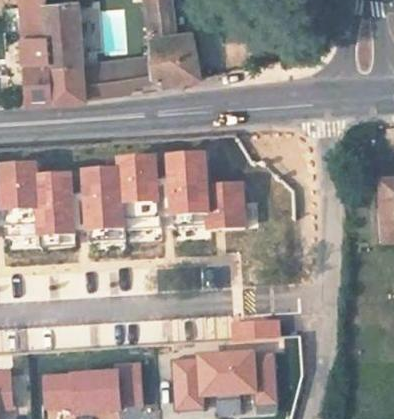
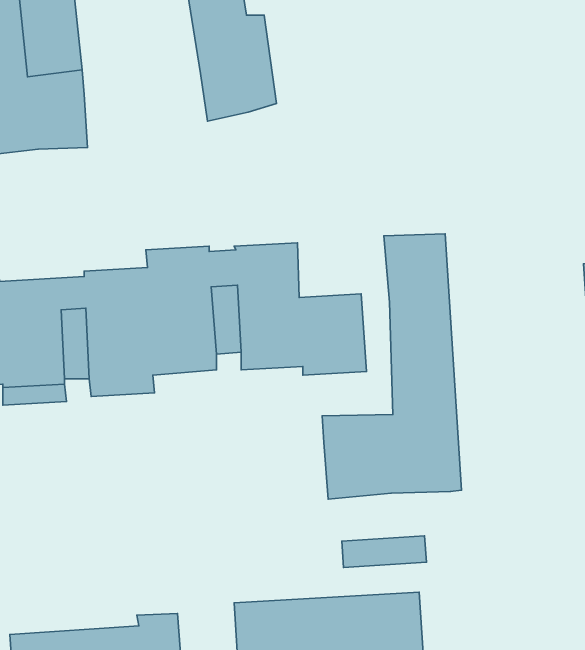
building: [85,57,155,99] -> none
building: none -> [322,234,462,499]

